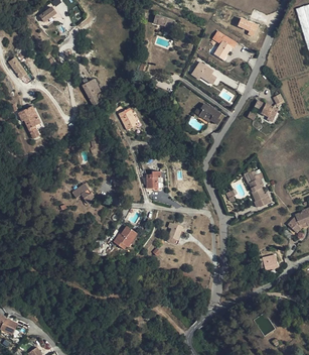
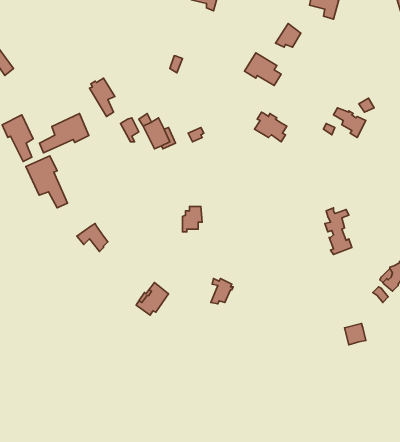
building: none -> [39,114,89,153]
building: none -> [26,156,67,208]

